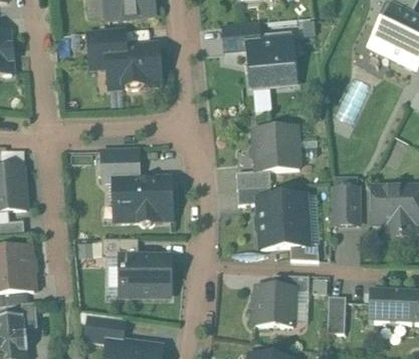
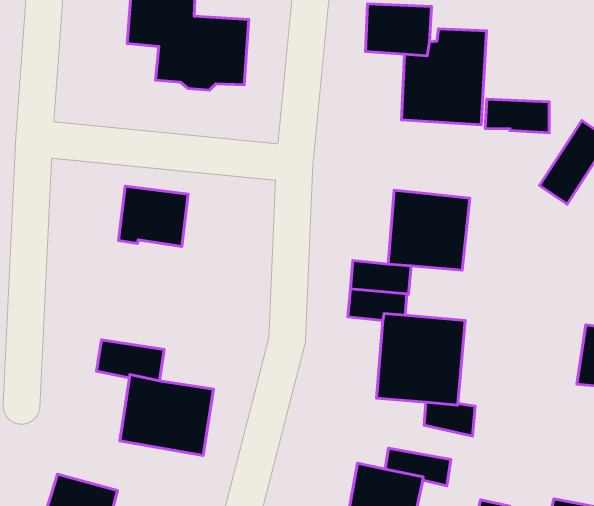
building: none -> [485,99,549,133]
building: [114,177,171,223] -> none
building: [334,188,359,224] -> none

